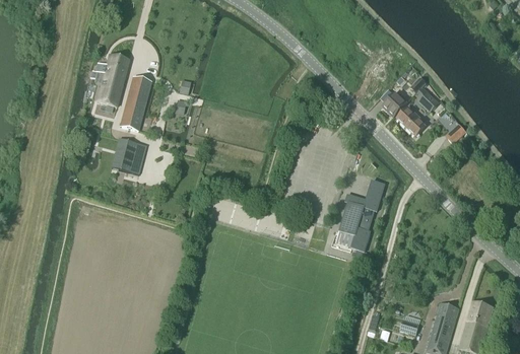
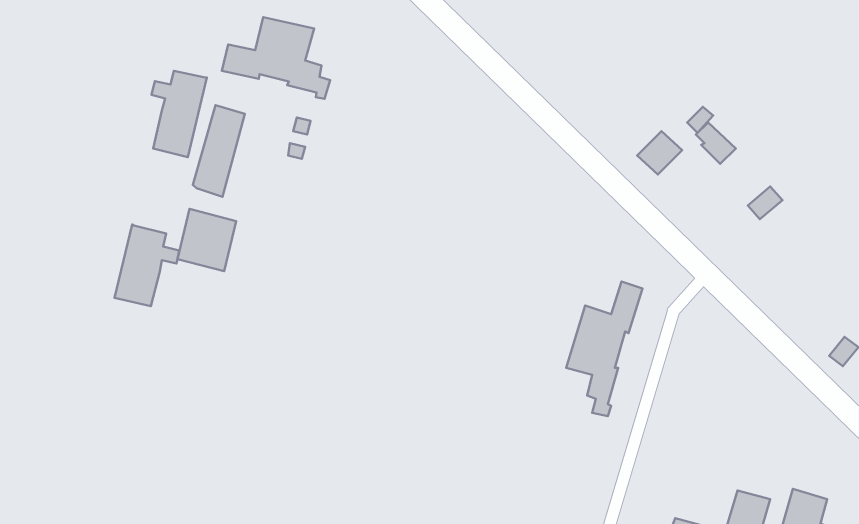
building: none -> [222,17,330,99]
building: [397,107,425,136] -> none
building: none -> [115,225,179,306]

